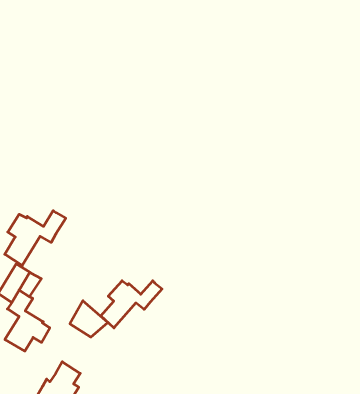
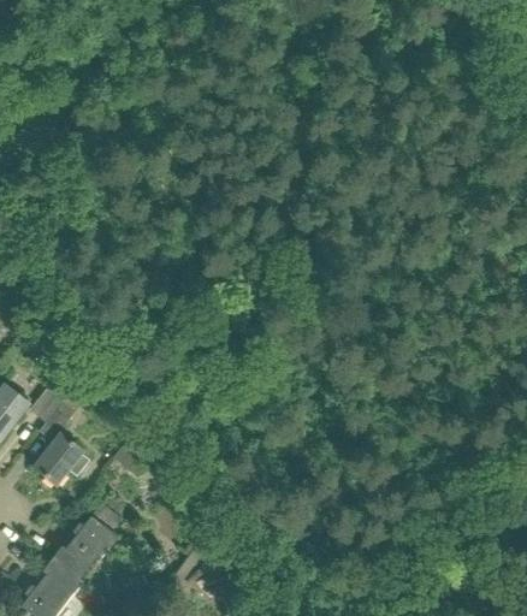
building: [5,211,66,266] -> none
building: [101,281,162,328] -> none

